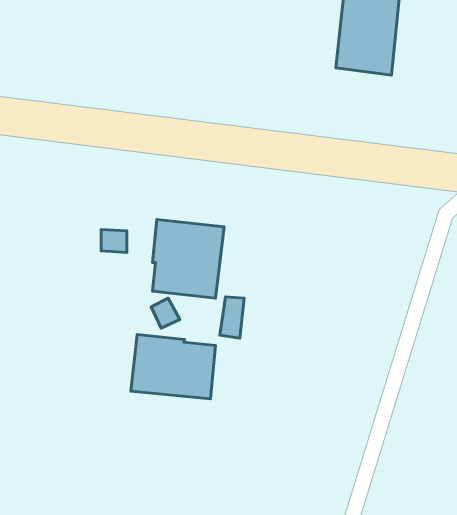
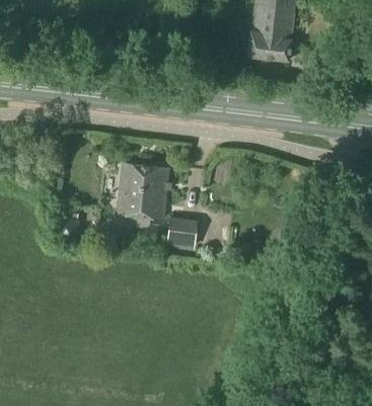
building: [131,334,216,399] -> none

